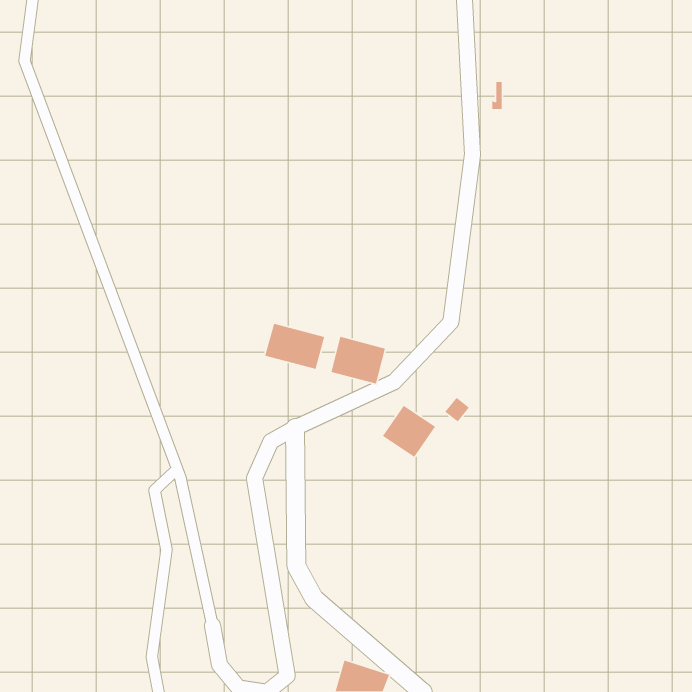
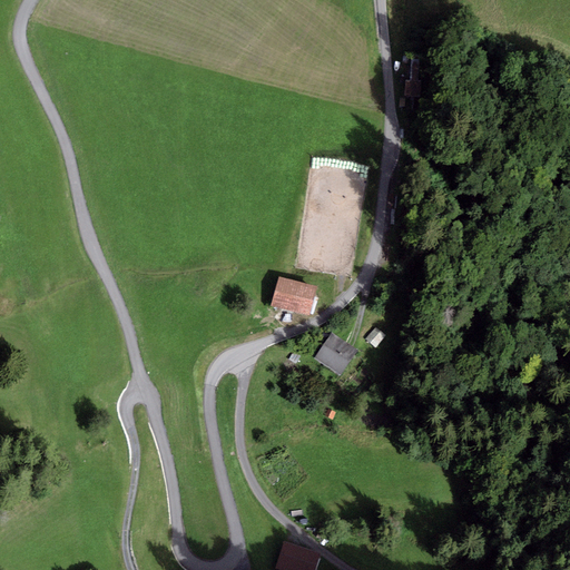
building: [264,323,325,370] -> none

